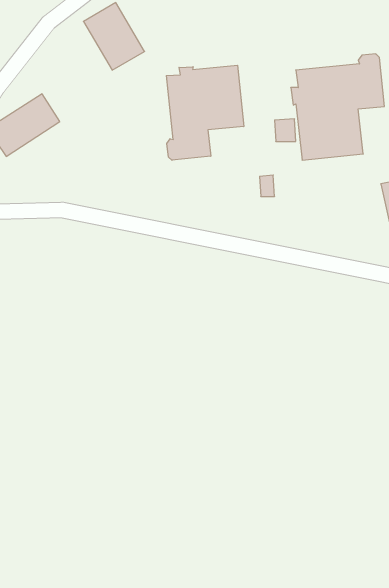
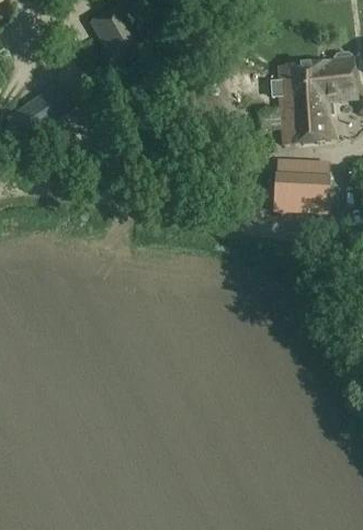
building: [166,65,244,160] -> none
building: none -> [274,171,329,212]

